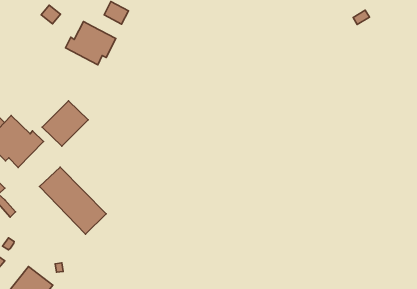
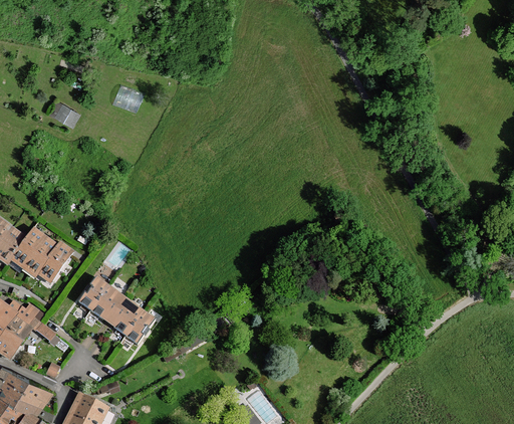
building: [65,21,116,65] -> none
building: [42,101,88,146] -> none

